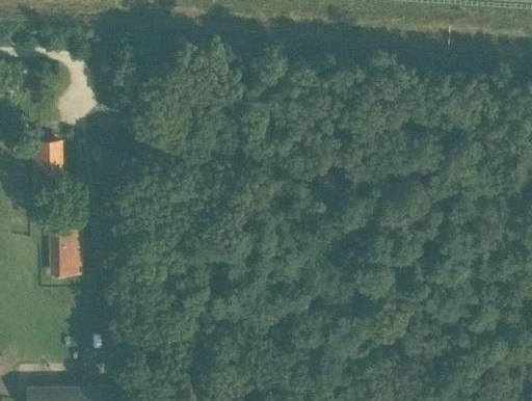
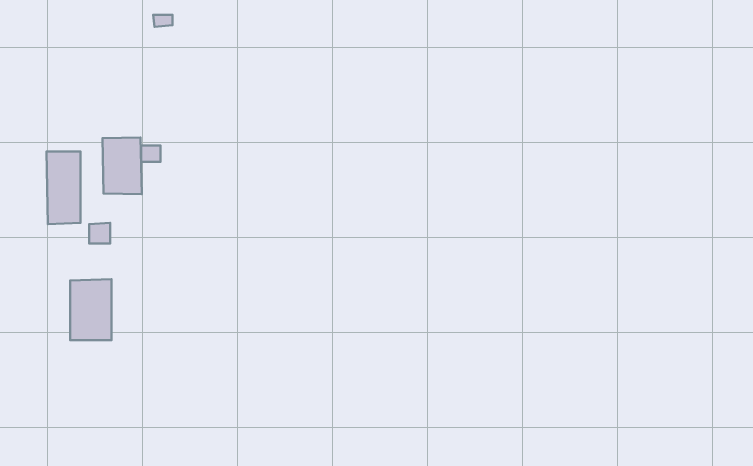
building: none -> [102,137,142,194]

